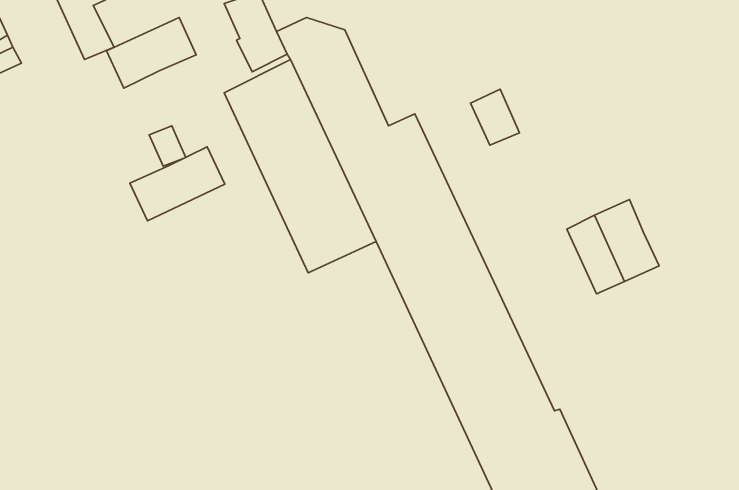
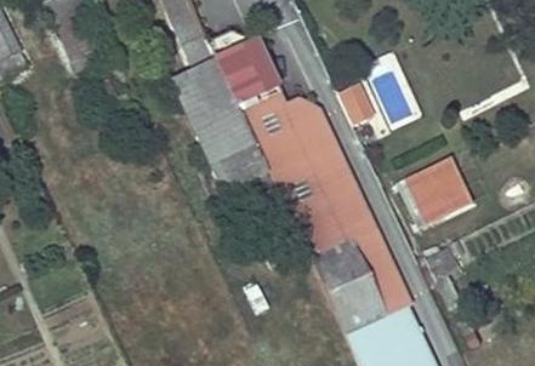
building: [107,18,196,88] -> none
building: [130,147,225,221] -> none

